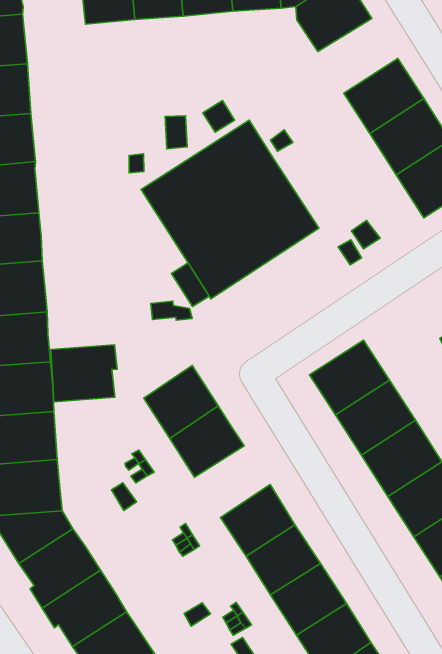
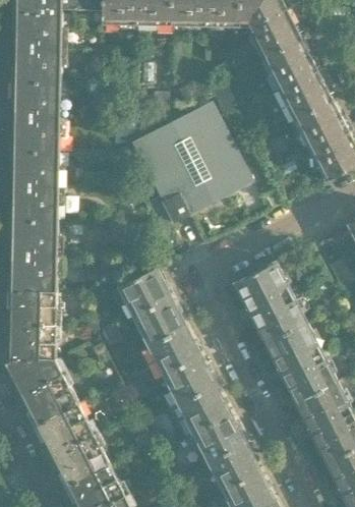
building: none -> [261,39,316,89]
building: [51,345,117,402] -> none
building: none -> [147,326,199,374]

